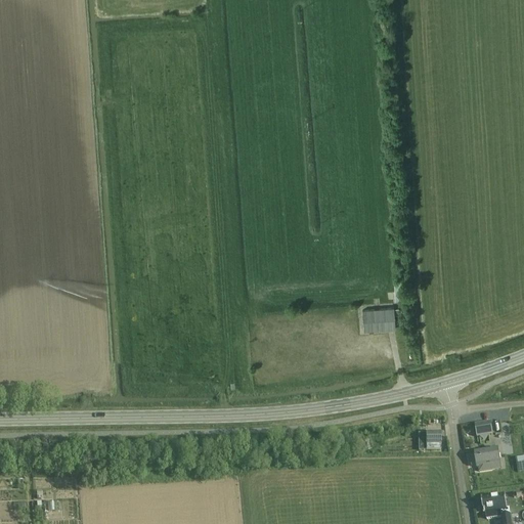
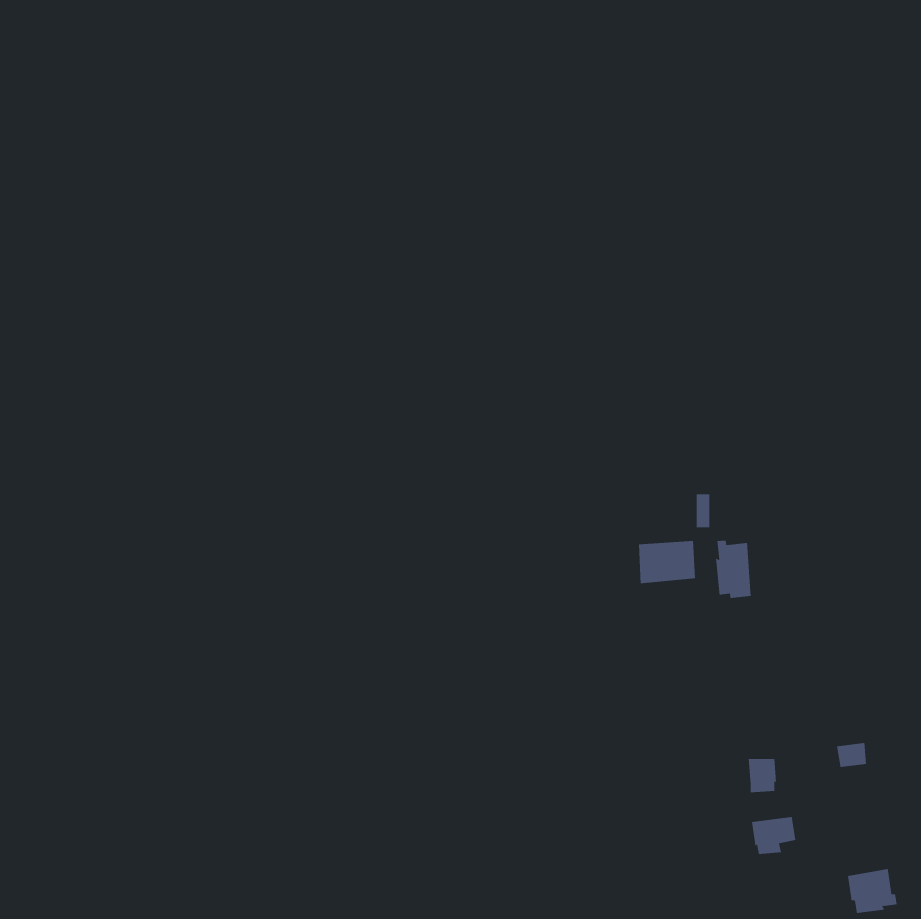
building: none -> [715,540,751,599]
building: [475,449,500,471] -> [751,817,796,854]

